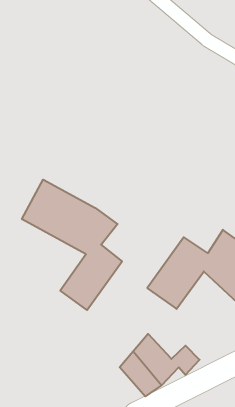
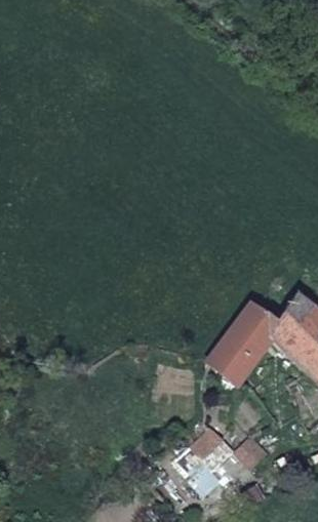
building: [22,180,122,310] -> none

